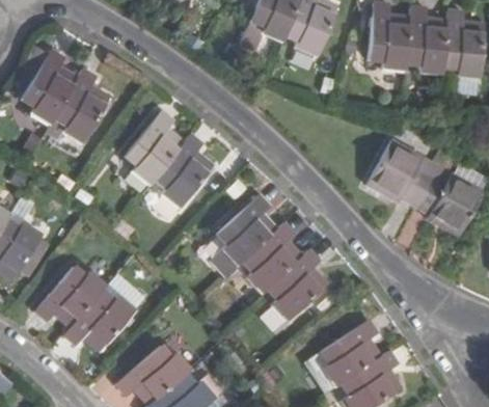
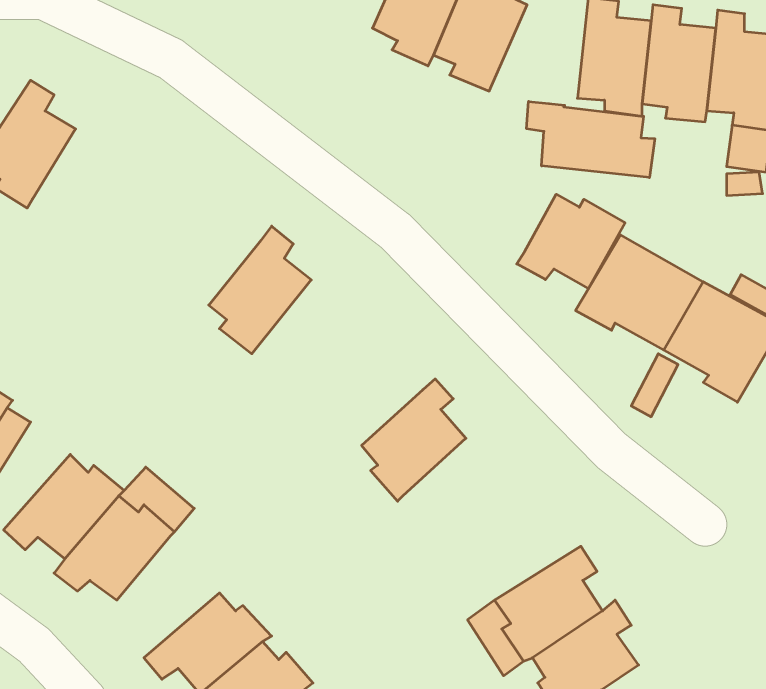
building: none -> [527,101,655,178]
building: [52,69,110,143] -> none
building: [125,111,184,184] -> none
building: none -> [517,194,625,289]
building: [216,194,277,266] -> none
building: [266,249,328,321] -> none

